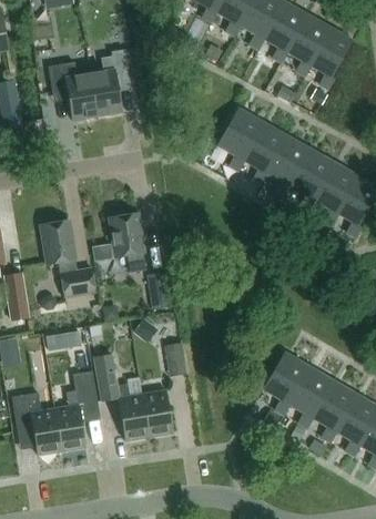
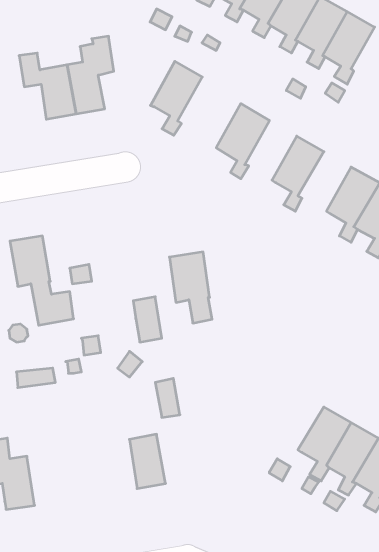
building: [242,121,286,184] -> [150,61,202,135]
building: [287,147,333,211] -> none
building: [110,213,146,274] -> [169,252,212,323]
building: [264,352,309,416] -> none
building: [95,354,150,439] -> none
building: [55,372,99,450] -> none

